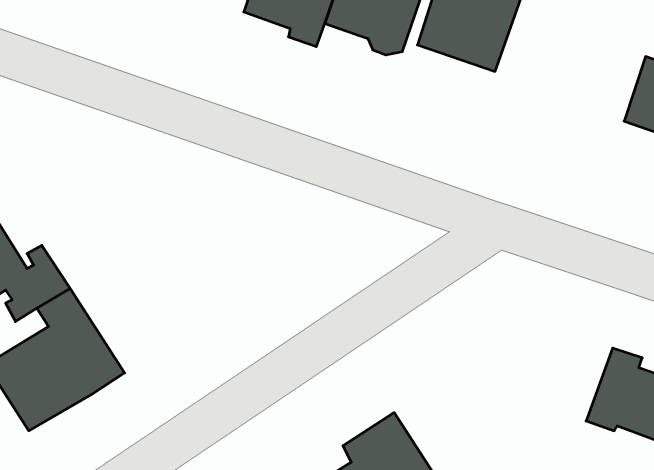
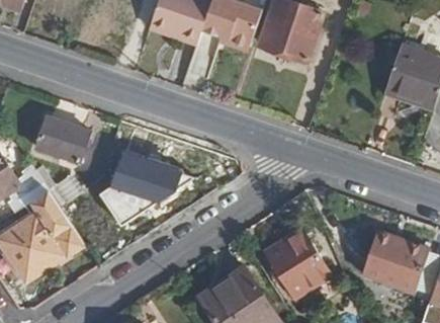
building: none -> [35,116,91,165]
building: none -> [97,154,195,228]
building: none -> [268,231,331,298]

